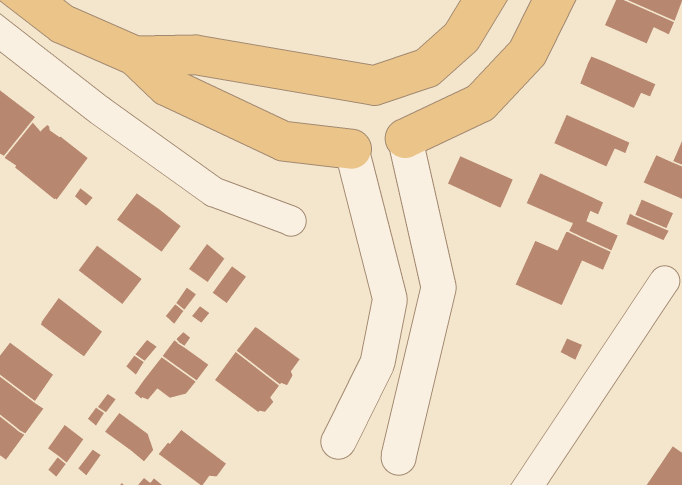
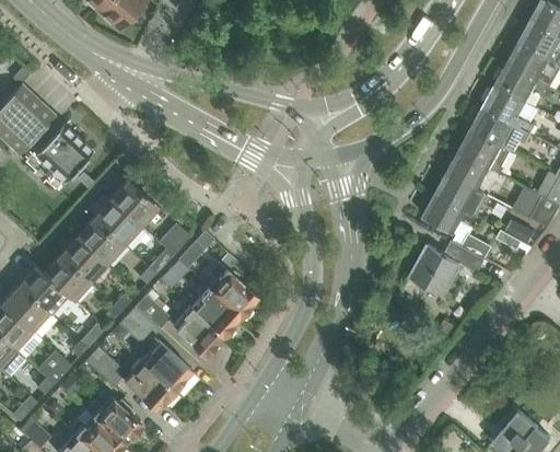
building: none -> [482,85,537,134]
building: none -> [459,128,510,172]
building: [447,155,514,209] -> [435,172,487,216]
building: none -> [92,199,141,246]
building: none -> [59,235,107,283]
building: none -> [209,263,257,318]
building: none -> [19,265,67,313]
building: none -> [143,341,190,393]

